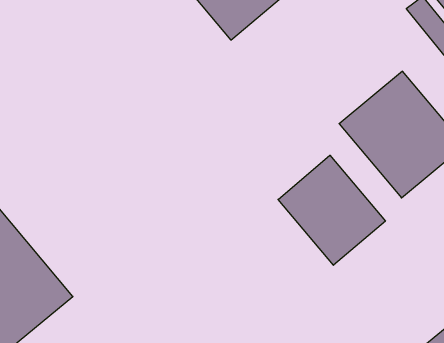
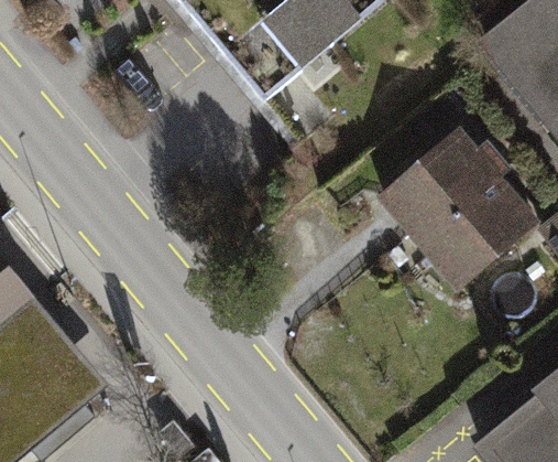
building: [278,155,385,265] -> none

